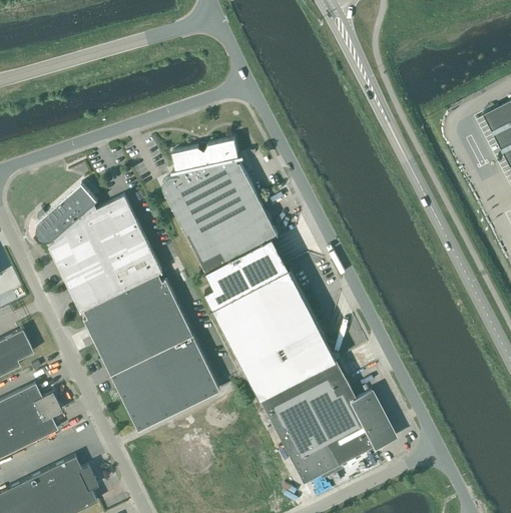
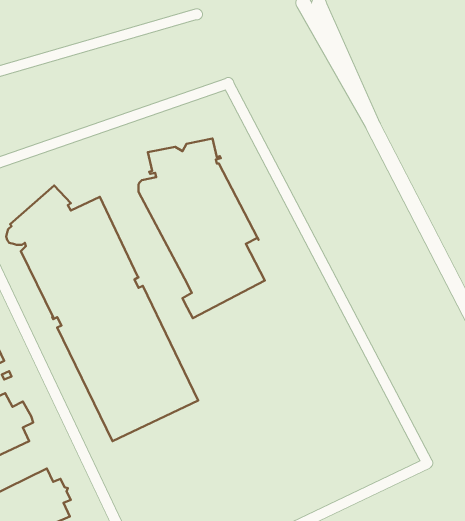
building: [214,273,394,484] -> none

